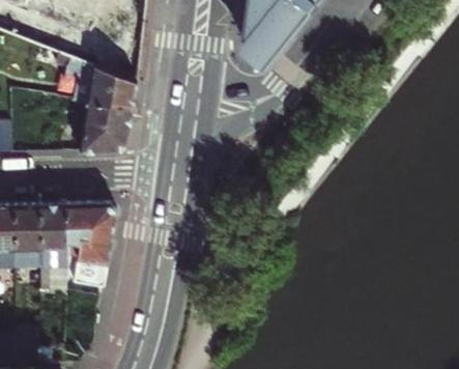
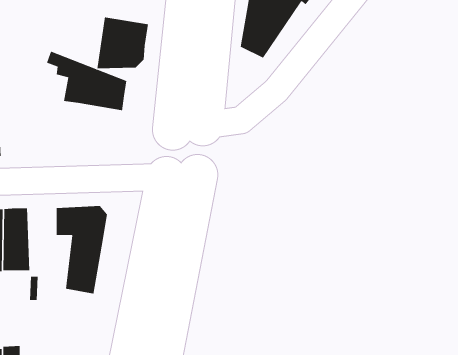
building: [79,104,130,154] -> [97,17,149,69]
building: [37,205,65,267] -> none

